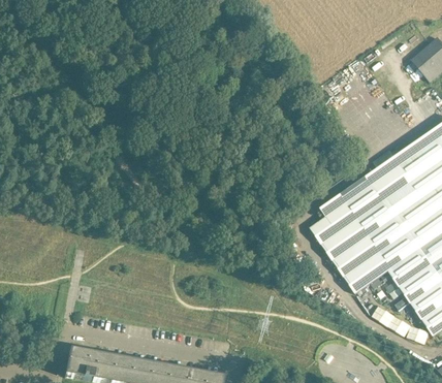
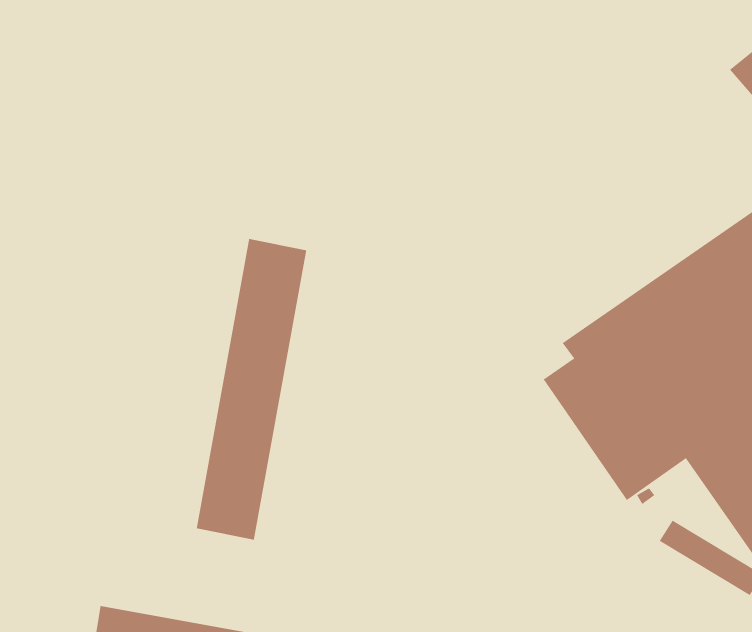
building: none -> [196,238,307,540]

